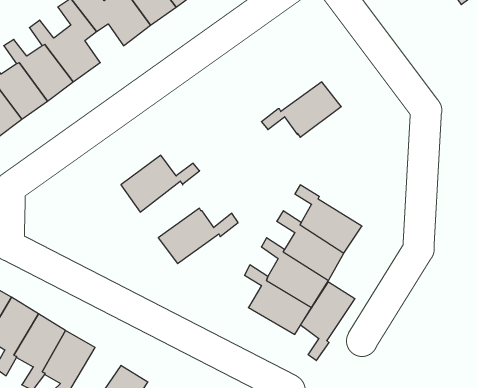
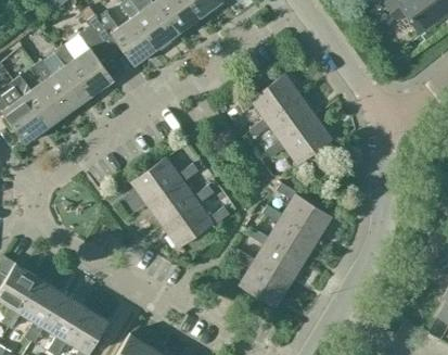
building: none -> [232,74,299,122]
building: none -> [265,117,332,166]
building: none -> [146,180,213,228]
building: [301,282,355,361] -> none

